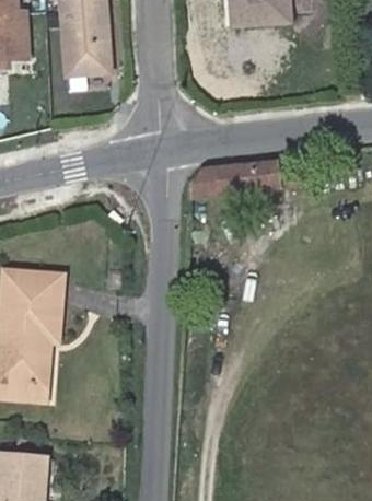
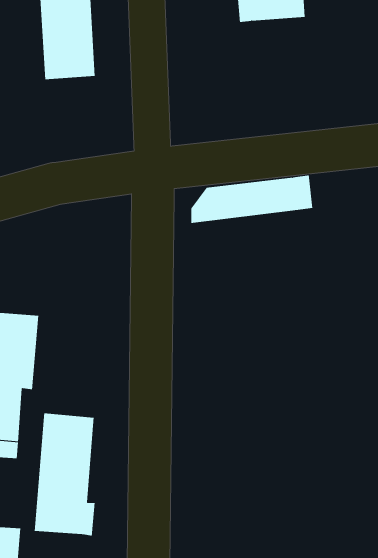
building: none -> [34,413,95,536]

